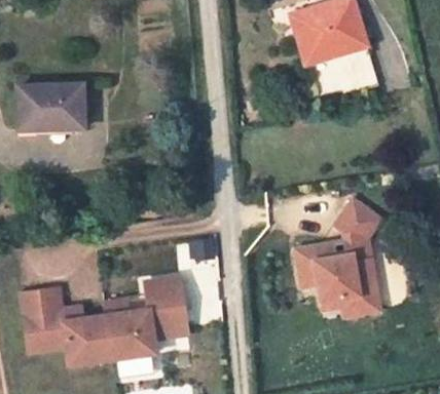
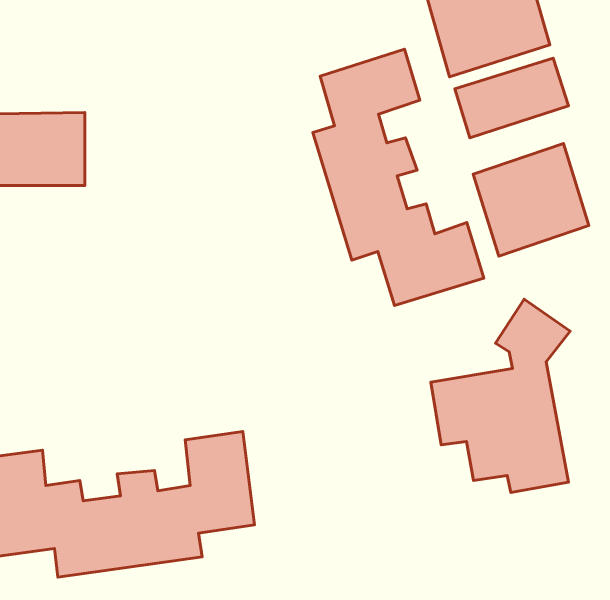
building: none -> [313,49,484,306]
building: none -> [473,144,589,256]

